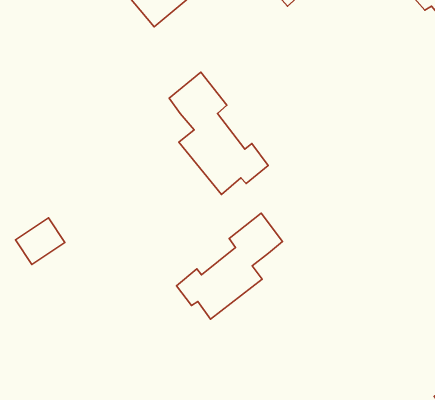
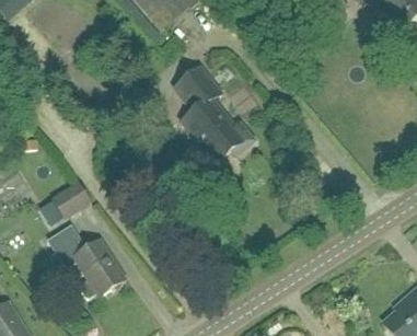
building: [176,213,282,319] -> none
building: none -> [46,223,124,296]

